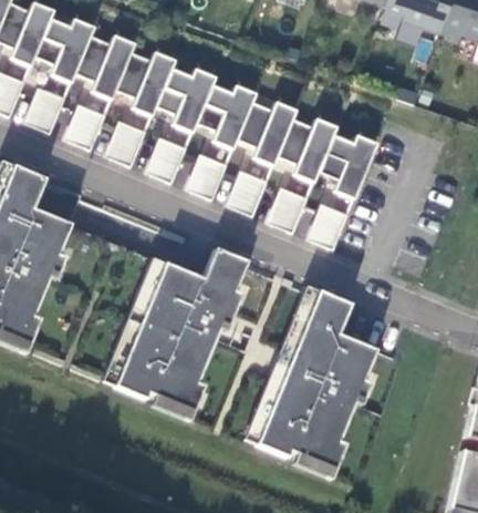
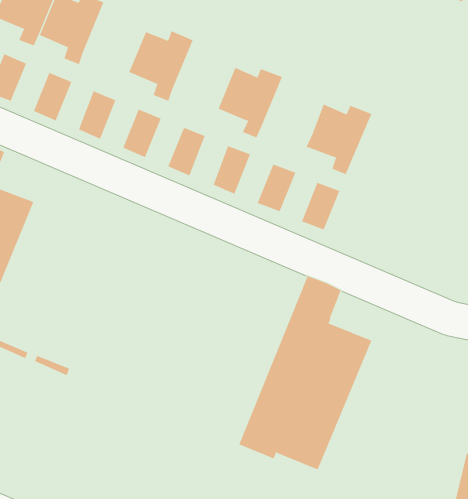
building: [115,51,175,115] -> none
building: [196,84,256,148] -> none
building: [277,117,335,182] -> none
building: [114,248,246,407] -> none

